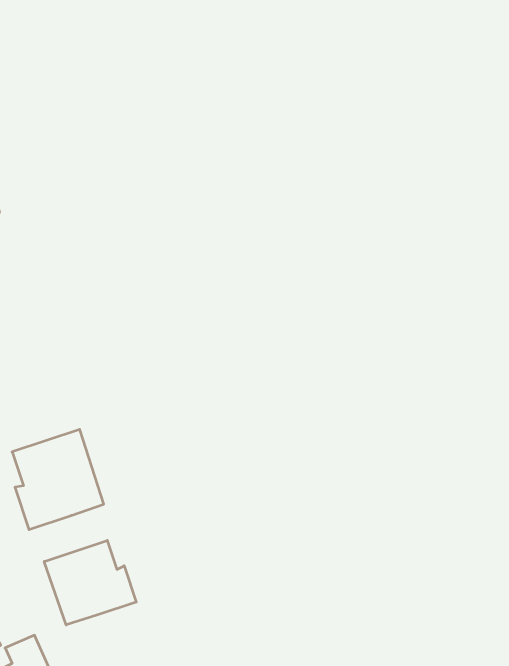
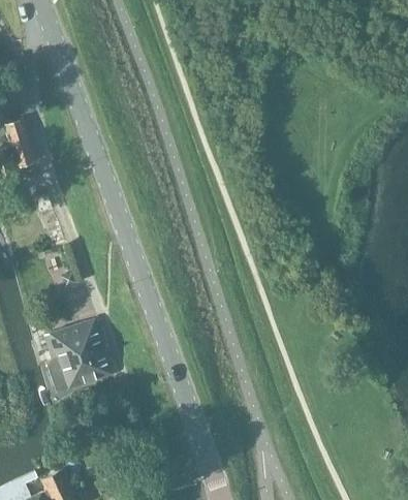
building: [44,540,136,625] -> none

